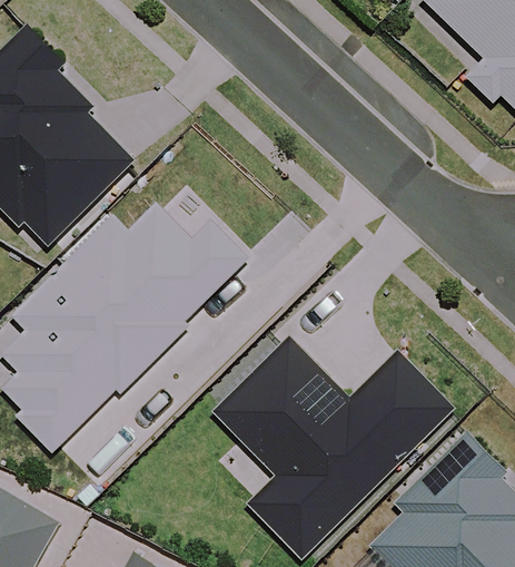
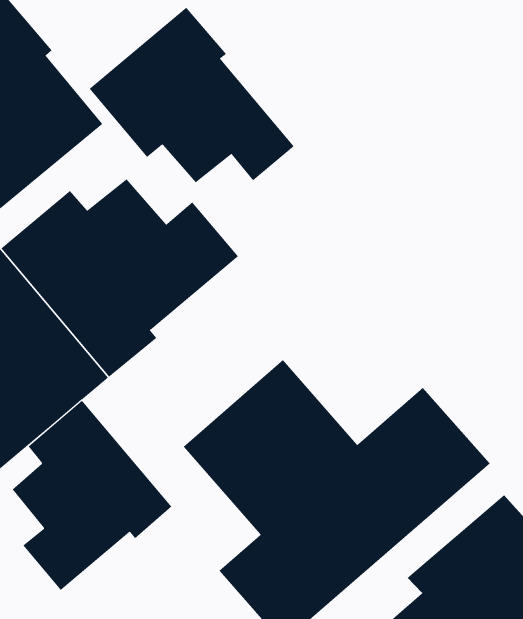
building: none -> [89,7,295,183]
building: none -> [12,400,172,591]

